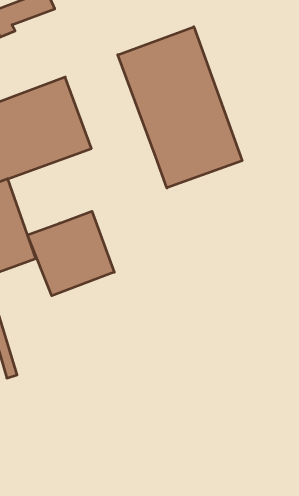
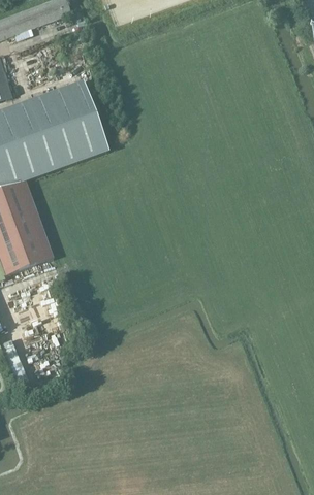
building: [118,27,242,188] -> none
building: [28,211,114,296] -> none

